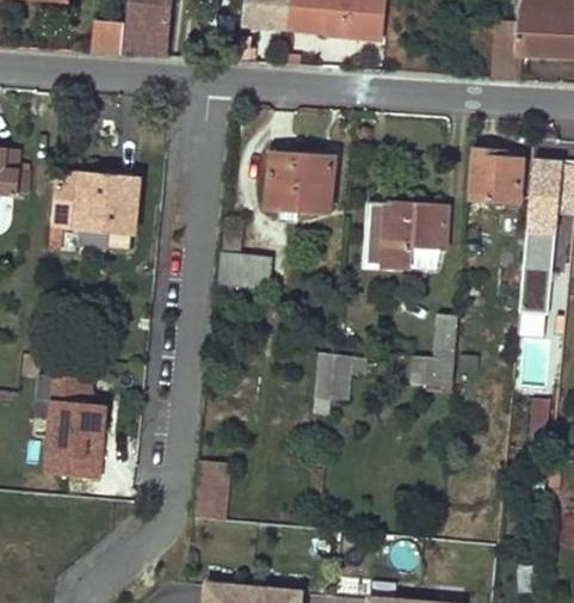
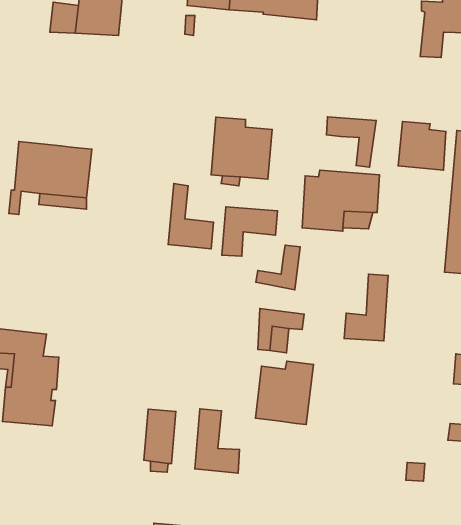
building: none -> [326,117,376,167]
building: none -> [222,207,277,256]
building: none -> [256,245,300,290]
building: none -> [255,361,314,425]
building: none -> [195,409,240,473]

